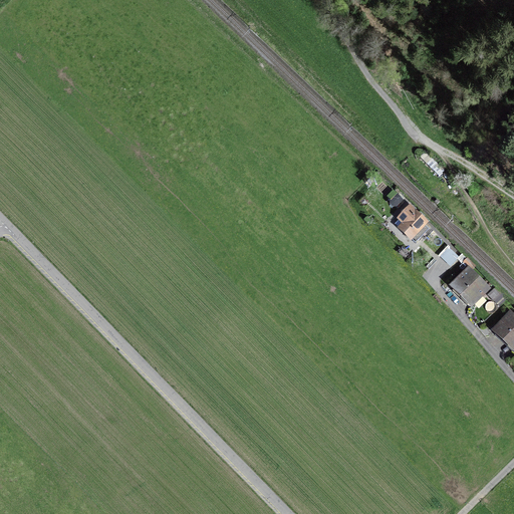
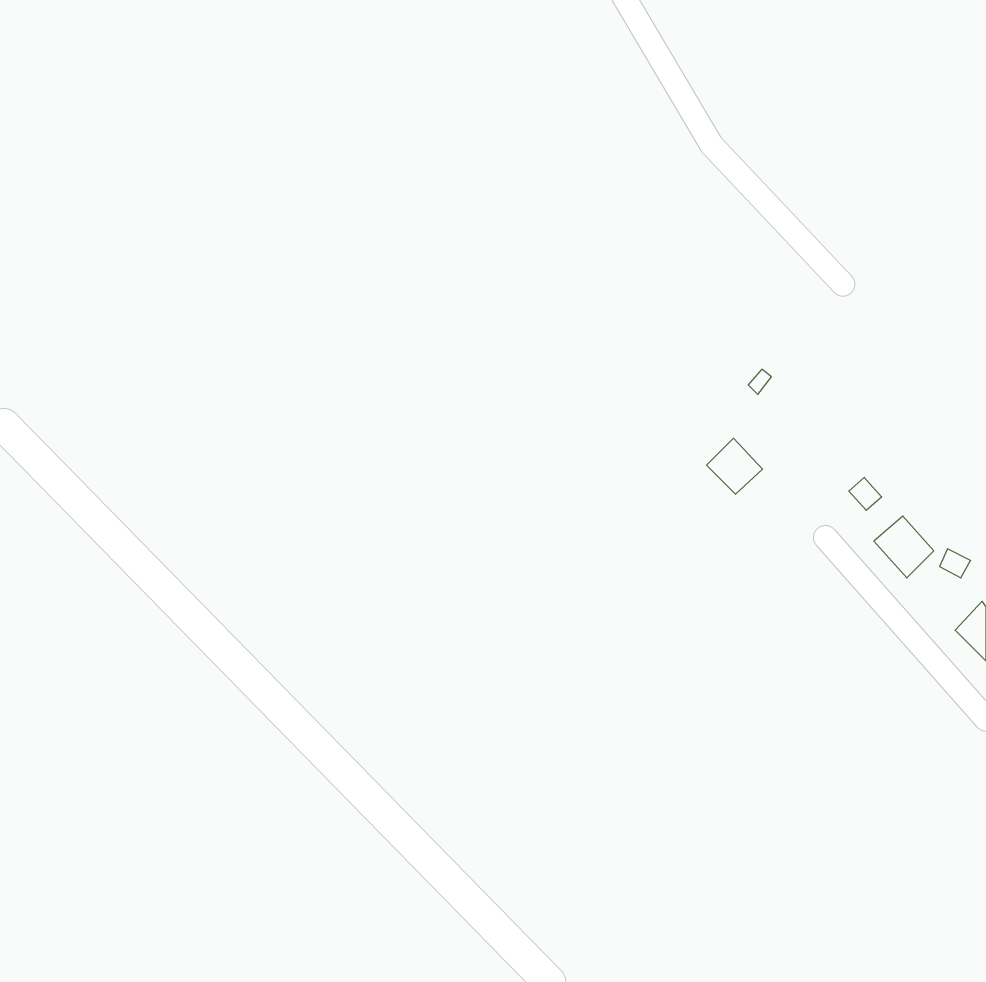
building: [396,210,425,239] -> [707,438,763,494]

